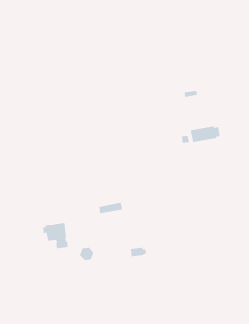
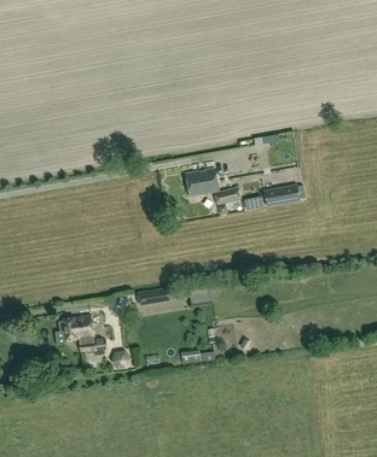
building: none -> [185,168,239,204]

